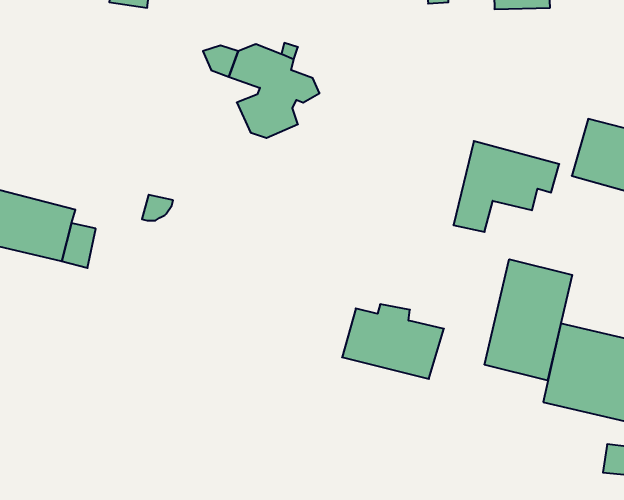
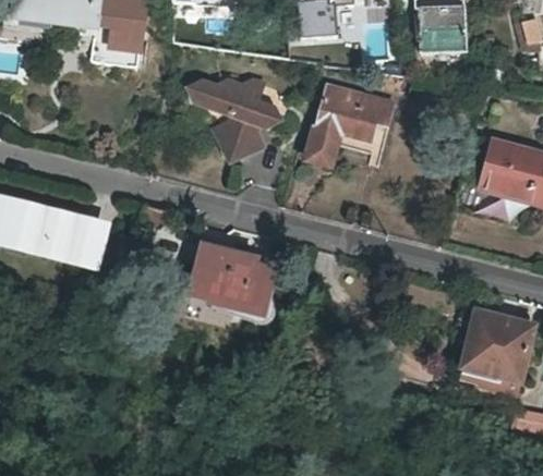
building: [453,141,559,232] -> [309,84,394,157]
building: [485,259,572,380] -> none
building: [342,304,444,379] -> [189,253,270,313]

